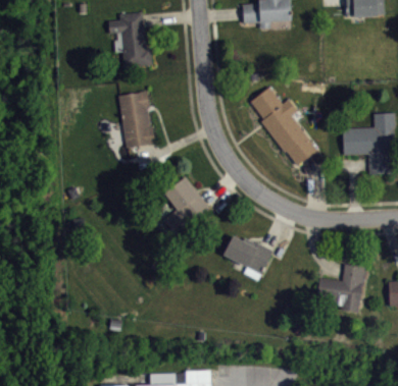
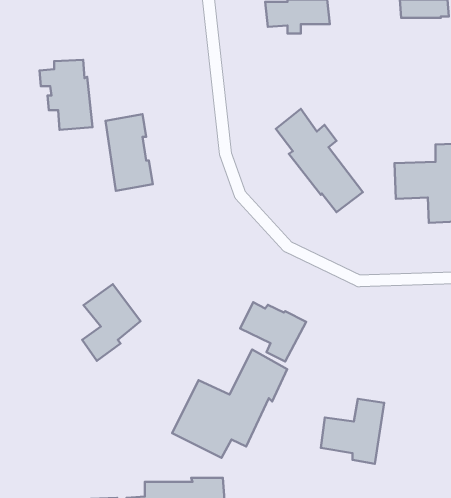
building: [108,12,149,66] -> [40,60,92,130]
building: [162,176,207,235] -> [82,284,140,361]
building: [316,263,365,313] -> [321,399,384,464]
building: none -> [172,350,287,458]

